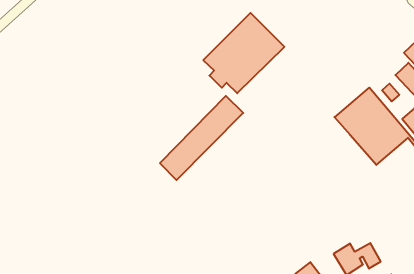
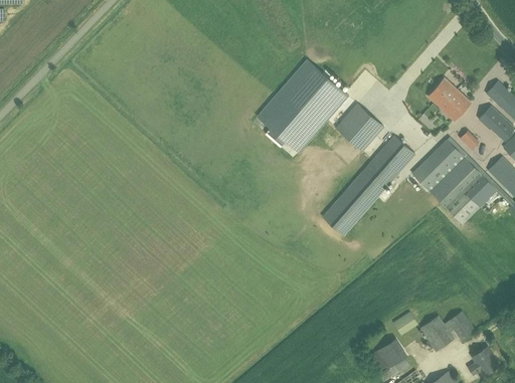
building: none -> [427,77,470,121]
building: none -> [335,104,383,151]
building: [160,96,243,180] -> [323,136,414,235]

